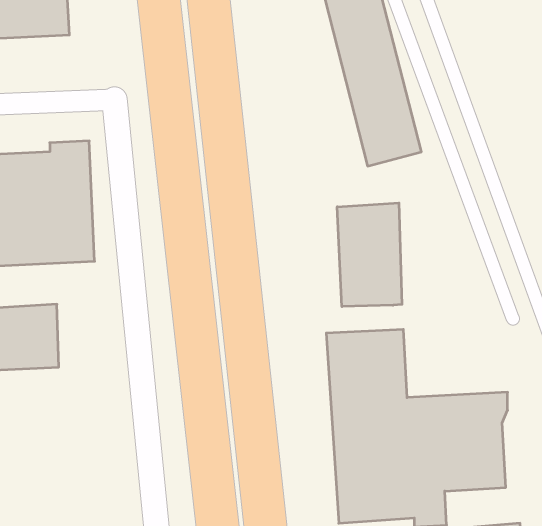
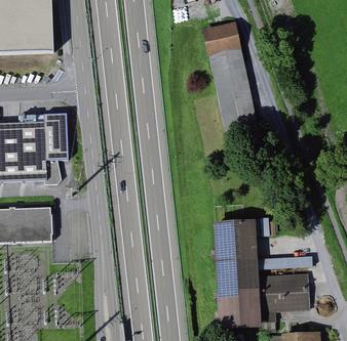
building: [337,203,402,307] -> none

